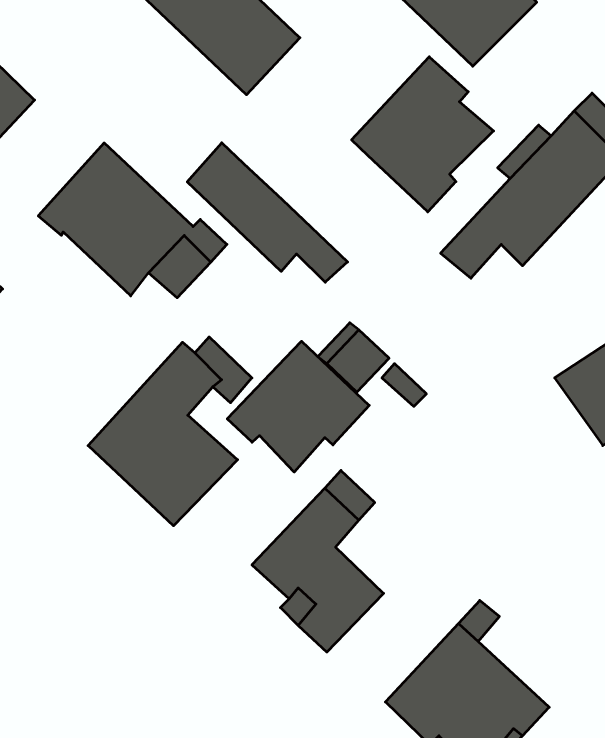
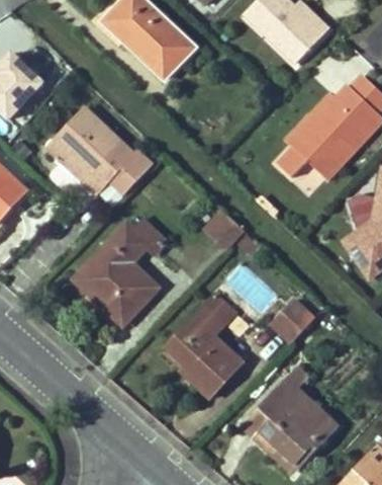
building: [352,57,494,212] -> none
building: [187,143,348,282] -> none
building: [227,341,369,472] -> none
building: none -> [272,302,313,343]

